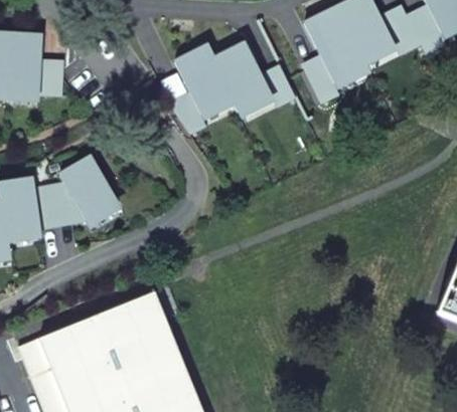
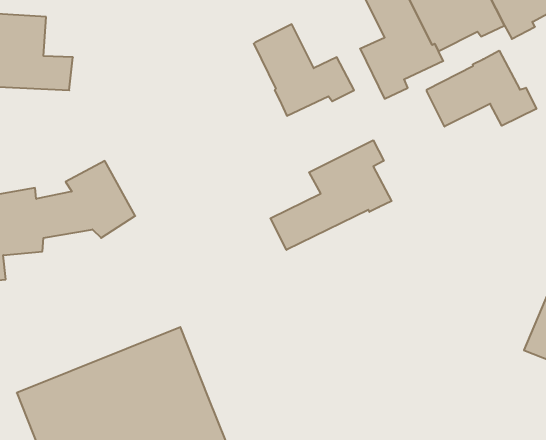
building: [172,45,235,134] -> none
building: none -> [427,51,536,127]
building: none -> [270,140,392,250]

